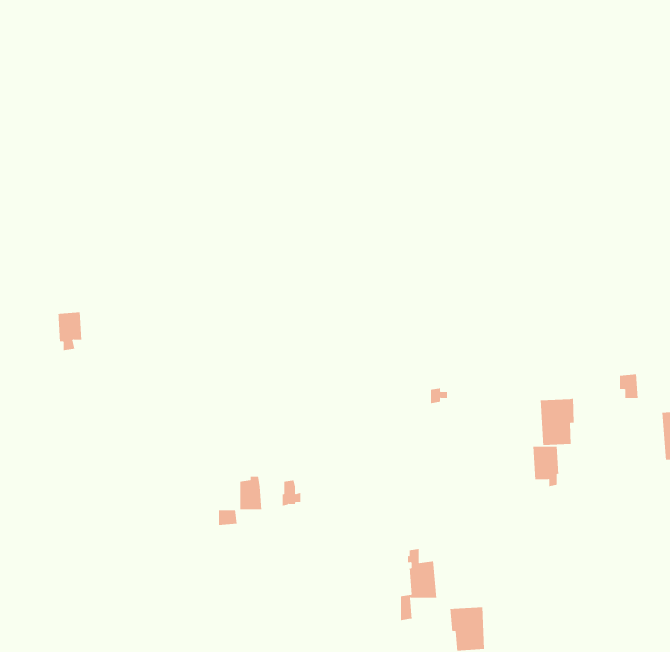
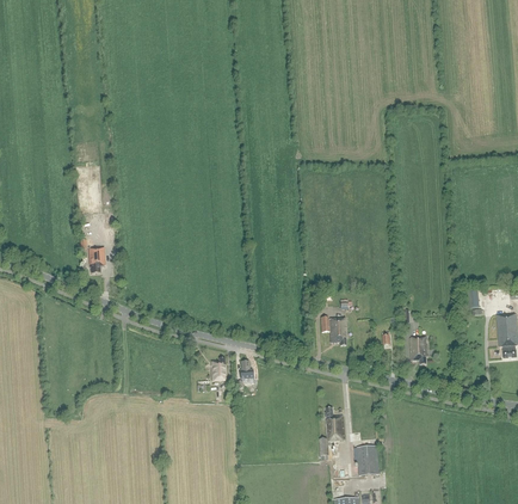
building: [540,398,574,446] -> none
building: none -> [321,315,347,345]

